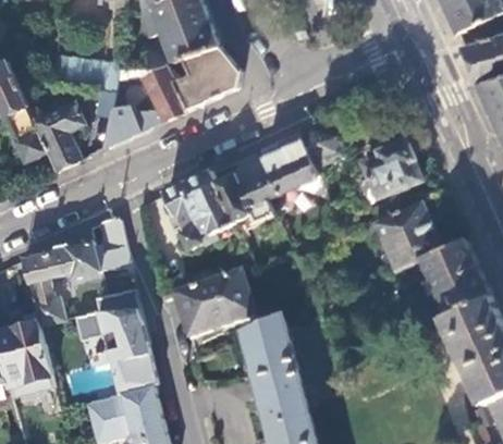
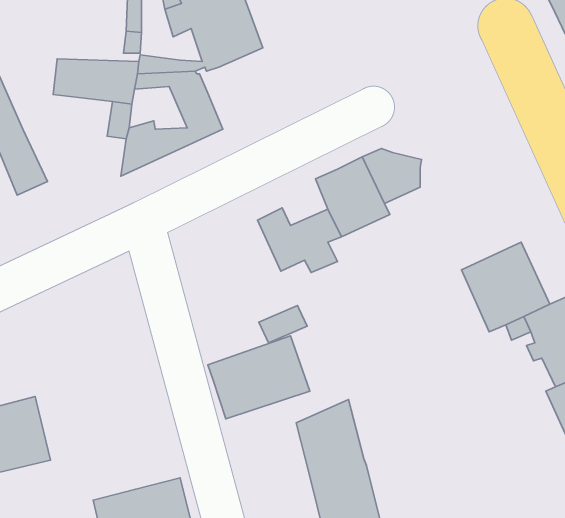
building: [174,46,240,110] -> none
building: [28,102,85,171] -> none
building: [365,141,420,198] -> none
building: [163,172,233,249] -> none
building: [23,218,130,325] -> none
building: [74,289,157,394] -> none

